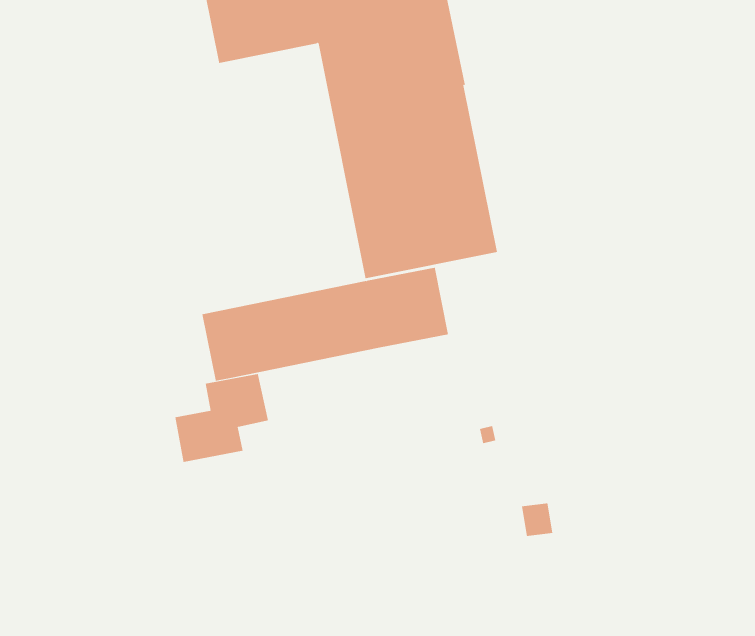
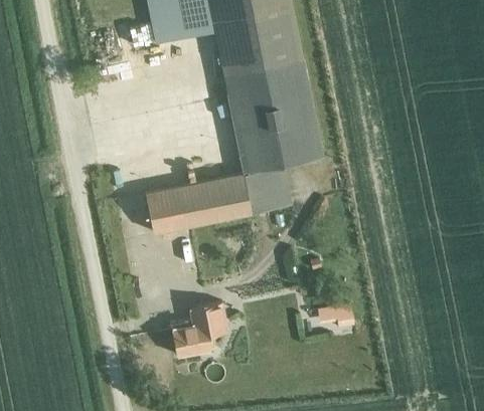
building: [174,373,269,463] -> [171,304,227,358]

